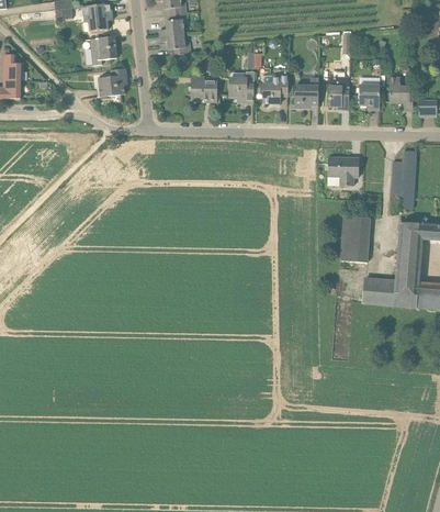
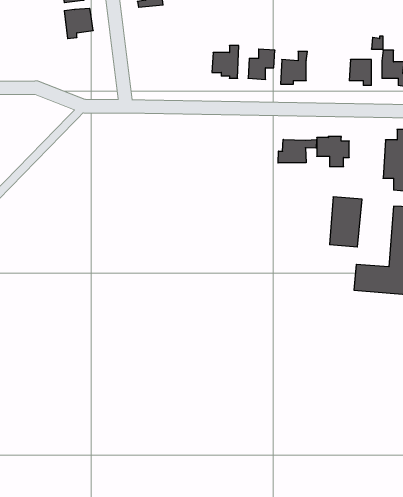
building: [160,32,191,54] -> none
building: [99,67,127,96] -> none
building: [191,75,217,101] -> none
building: [329,75,350,108] -> none
building: none -> [278,139,317,163]

